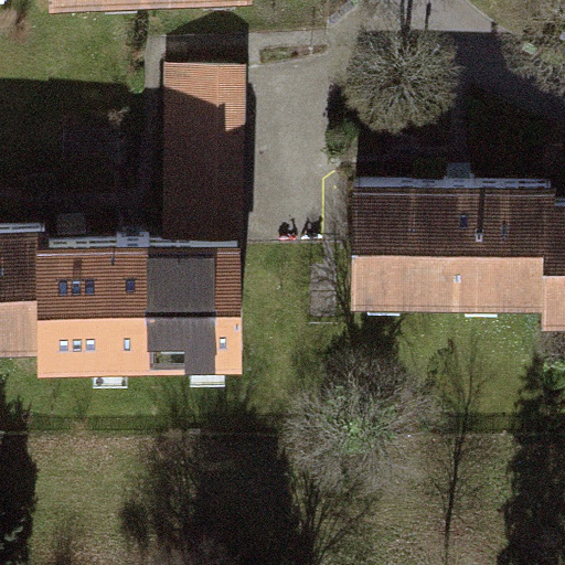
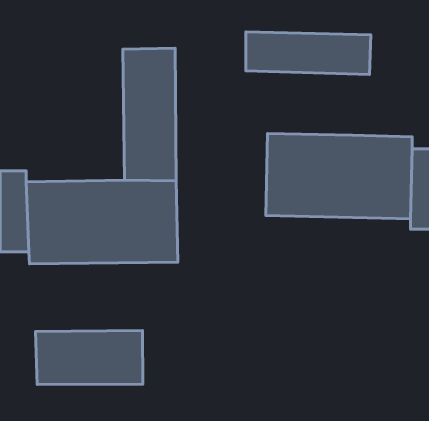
building: none -> [246,32,371,74]
building: none -> [36,330,143,384]

